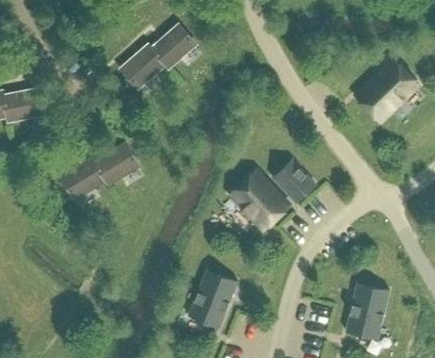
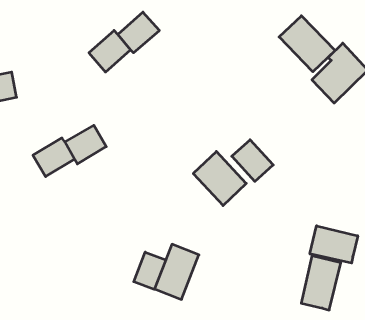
building: none -> [279,16,335,72]
building: none -> [310,226,358,263]
building: none -> [134,252,166,289]

